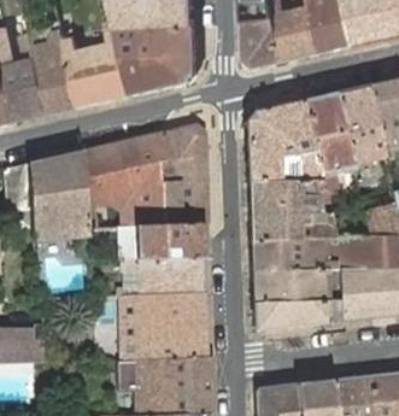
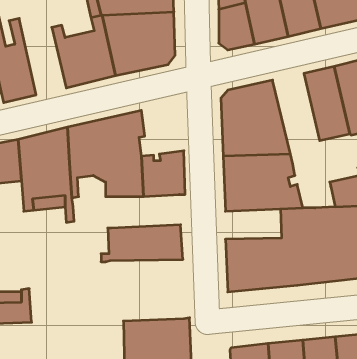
building: [27,24,77,116] -> none
building: [299,93,350,191] -> none
building: [156,124,204,182] -> none
building: [115,223,200,259] -> none
building: [248,239,309,271] -> none
building: [119,293,204,359] -> none

